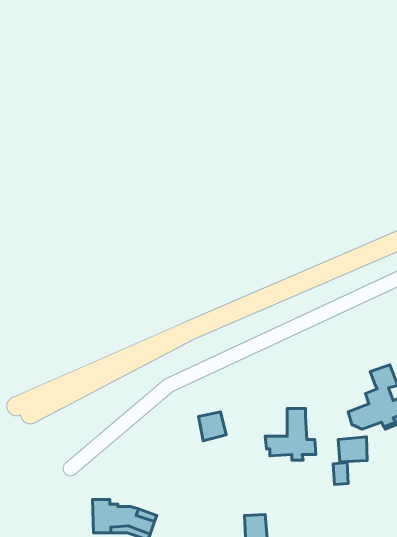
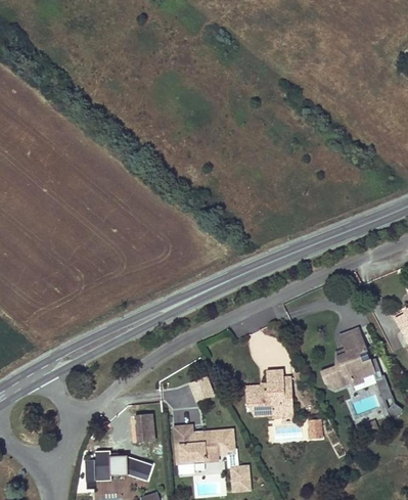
building: [338,437,367,462] -> none
building: none -> [136,413,154,442]
building: none -> [175,425,234,462]

